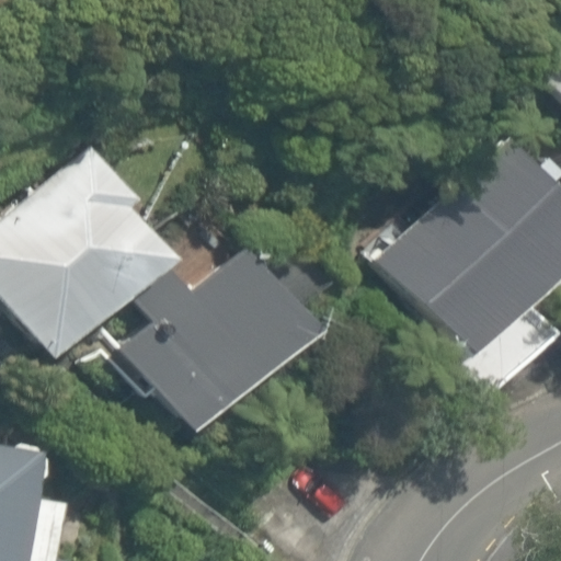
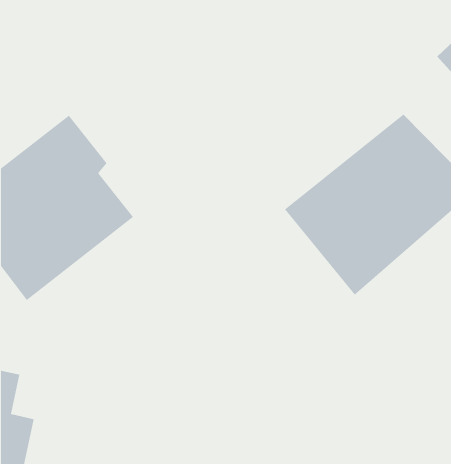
building: [117,242,322,436] -> none

